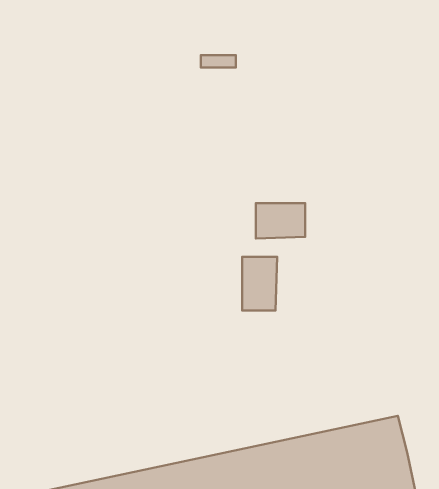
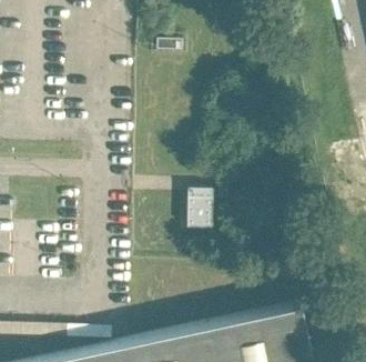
building: [256,203,305,238] -> none

